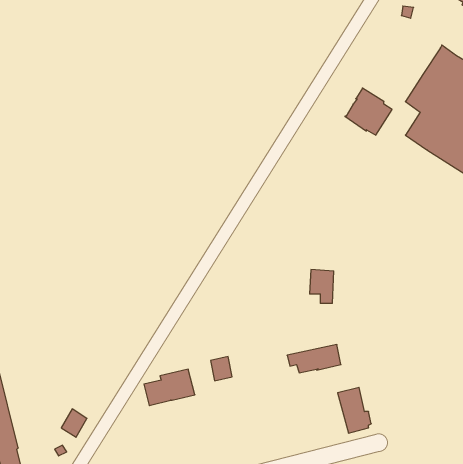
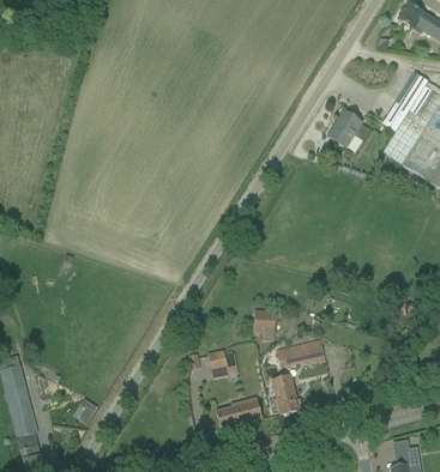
building: [310,270,334,303] -> [254,310,276,340]
building: [144,369,195,406] -> [217,397,263,429]
building: [338,387,371,433] -> [272,374,302,414]

